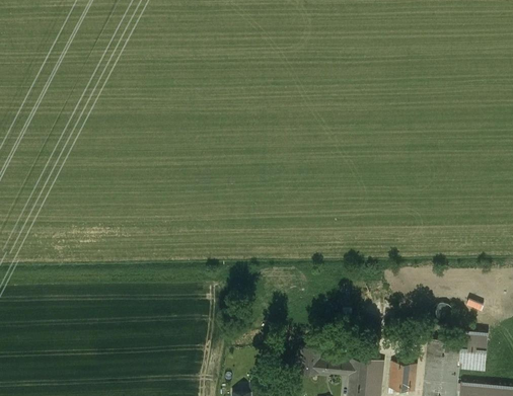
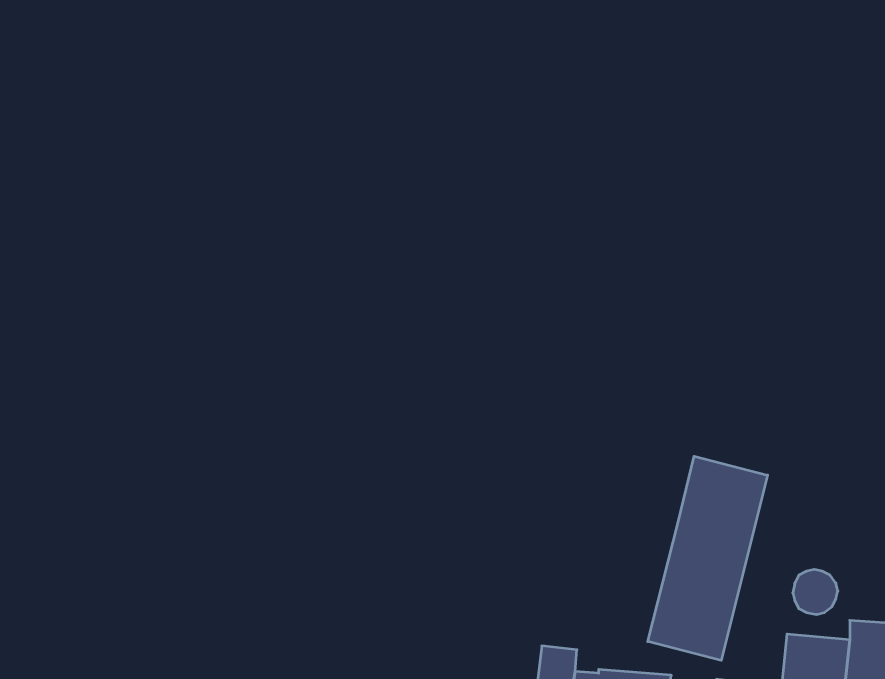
building: none -> [648,456,768,660]

